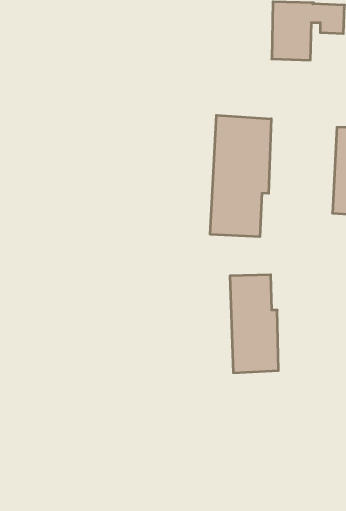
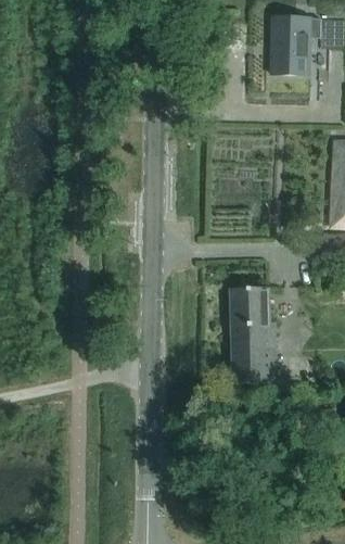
building: [210,115,271,237] -> none

